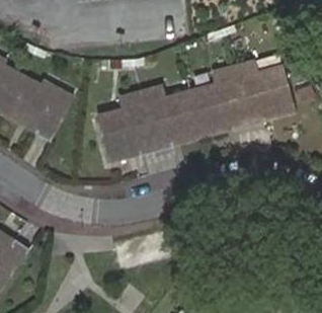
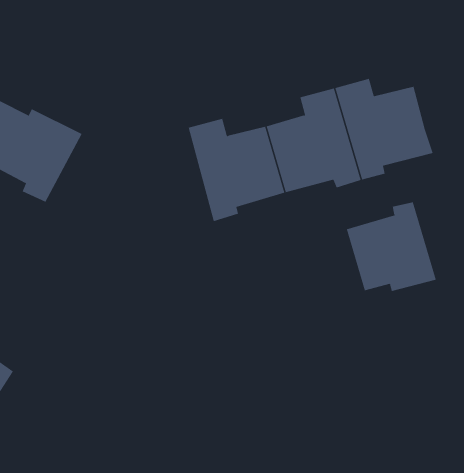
building: [96,90,156,157] -> none
building: none -> [346,201,436,292]

